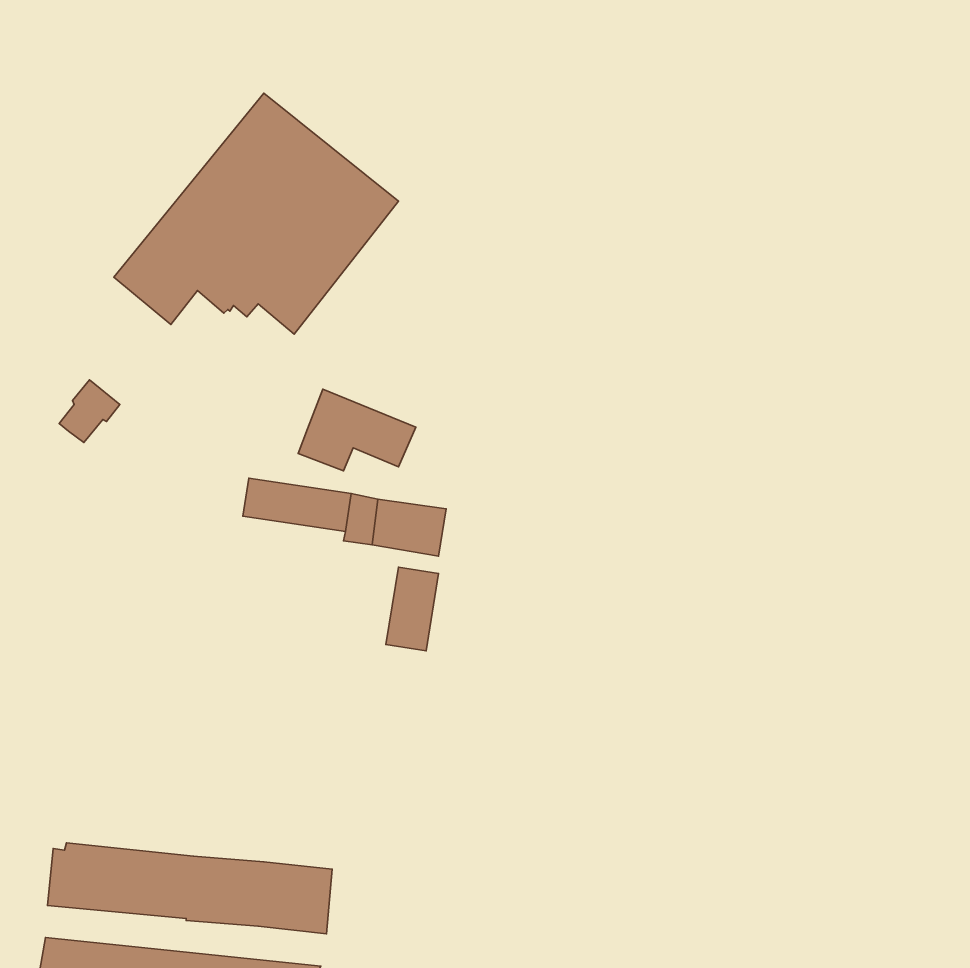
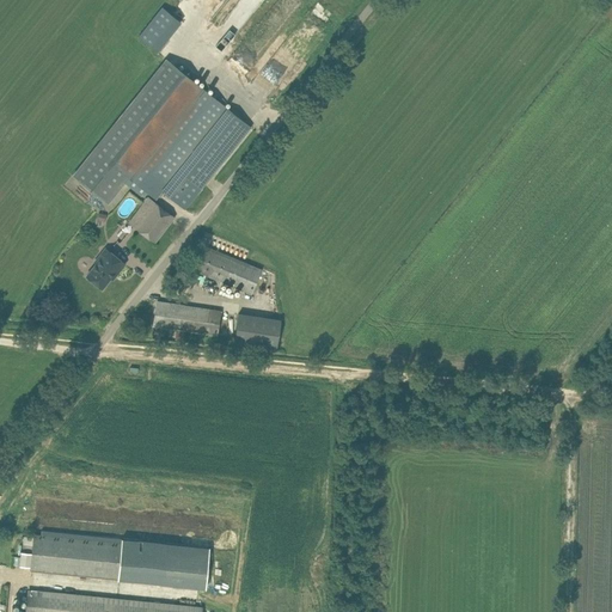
building: none -> [139,7,182,53]
building: none -> [128,198,176,245]
building: [59,380,120,442] -> [86,250,124,289]
building: [386,567,438,651] -> none

